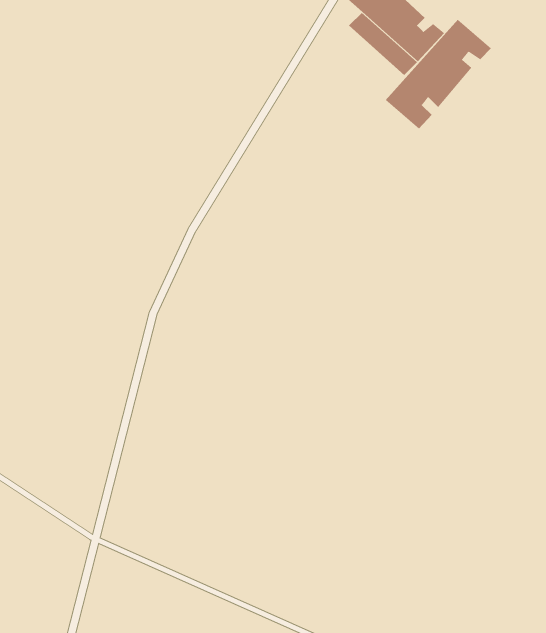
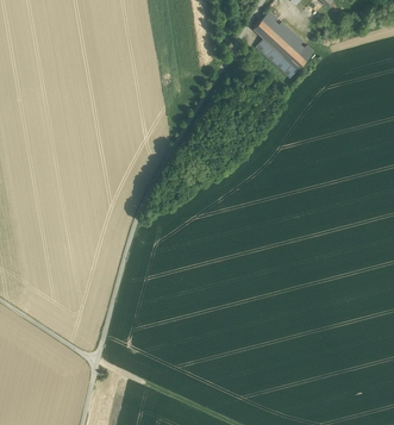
building: [385,19,492,129] -> none

